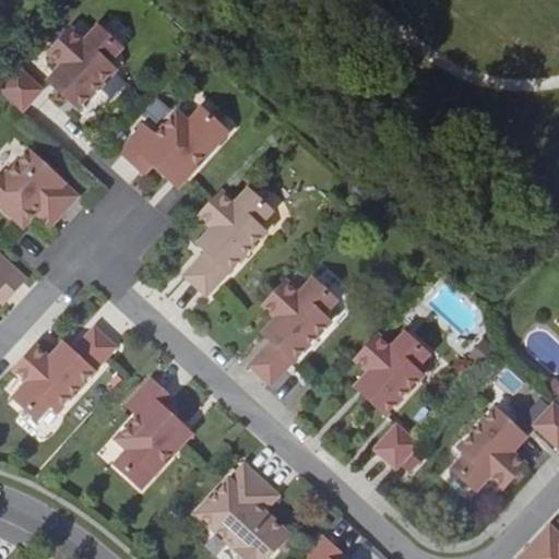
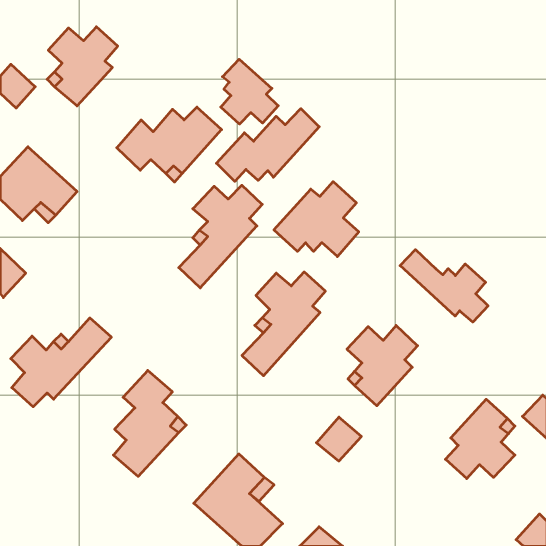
building: none -> [221,59,278,124]
building: none -> [216,109,319,181]
building: none -> [274,182,359,257]
building: none -> [400,250,488,322]
building: [376,425,421,469] -> [316,417,361,461]

